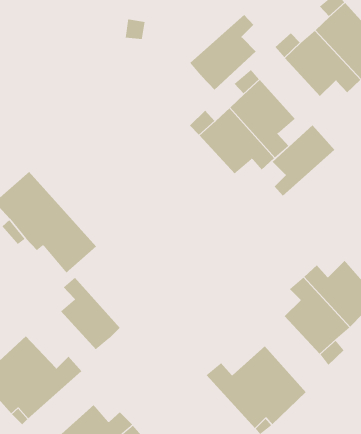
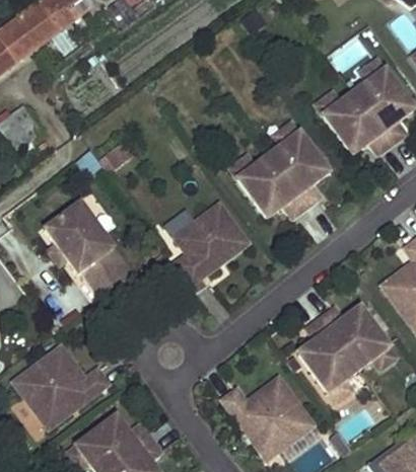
building: [189,14,257,91] -> none
building: [272,125,335,197] -> none
building: none -> [175,205,249,292]
building: [60,277,121,350] -> none

